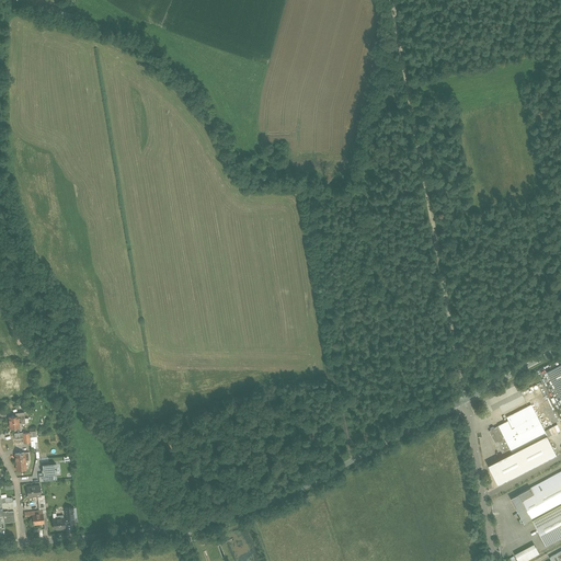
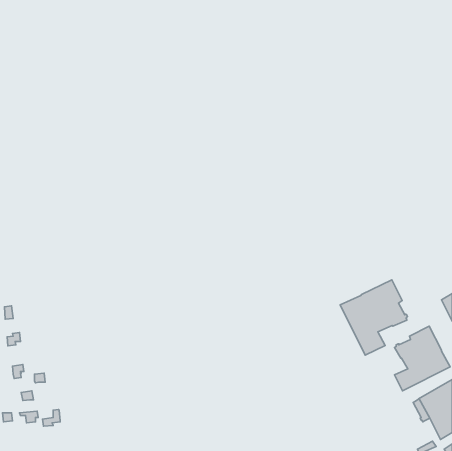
building: none -> [340,280,407,355]

